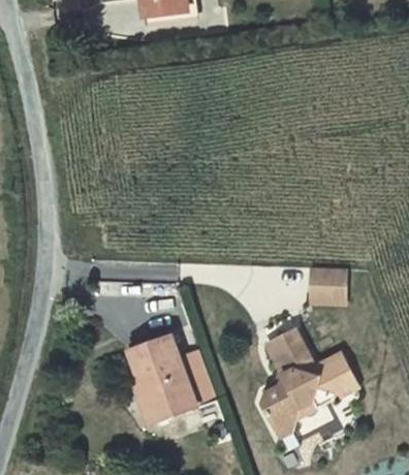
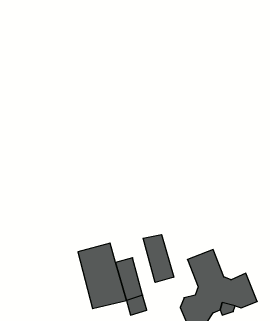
building: [309,267,343,303] -> none
building: none -> [143,235,174,282]

